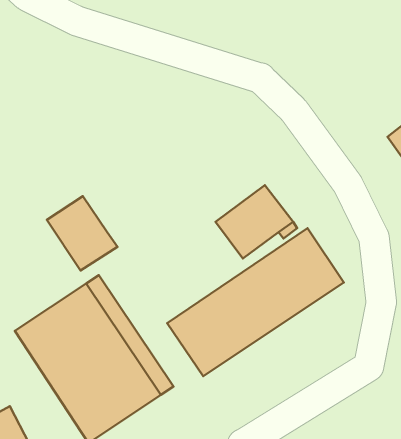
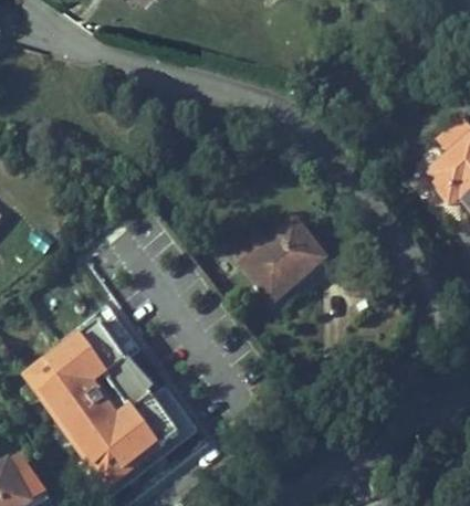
building: [47,196,117,271] -> none
building: [167,228,344,376] -> none

